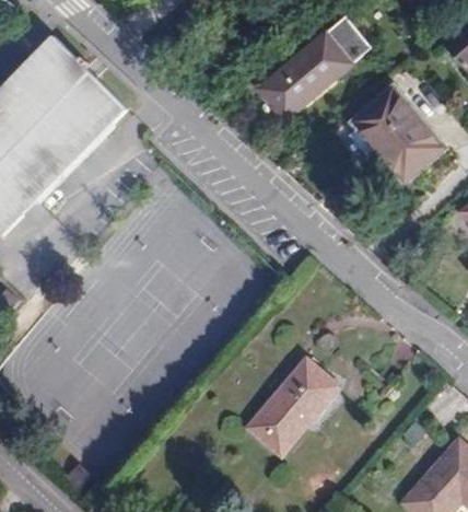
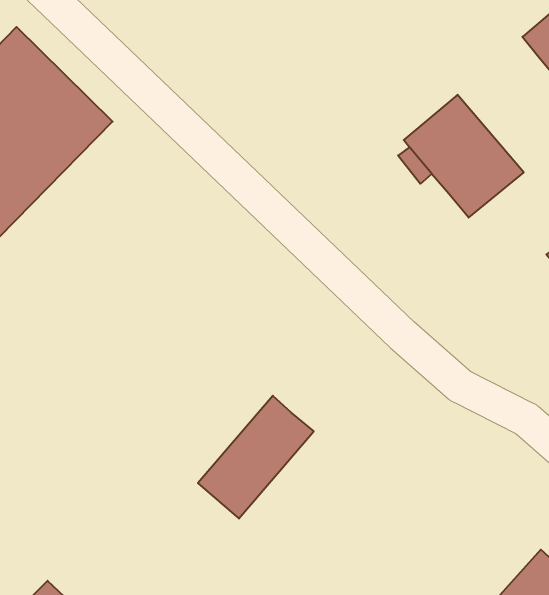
building: [258,20,370,120] -> none
building: [248,360,338,455] -> [198,396,314,519]

